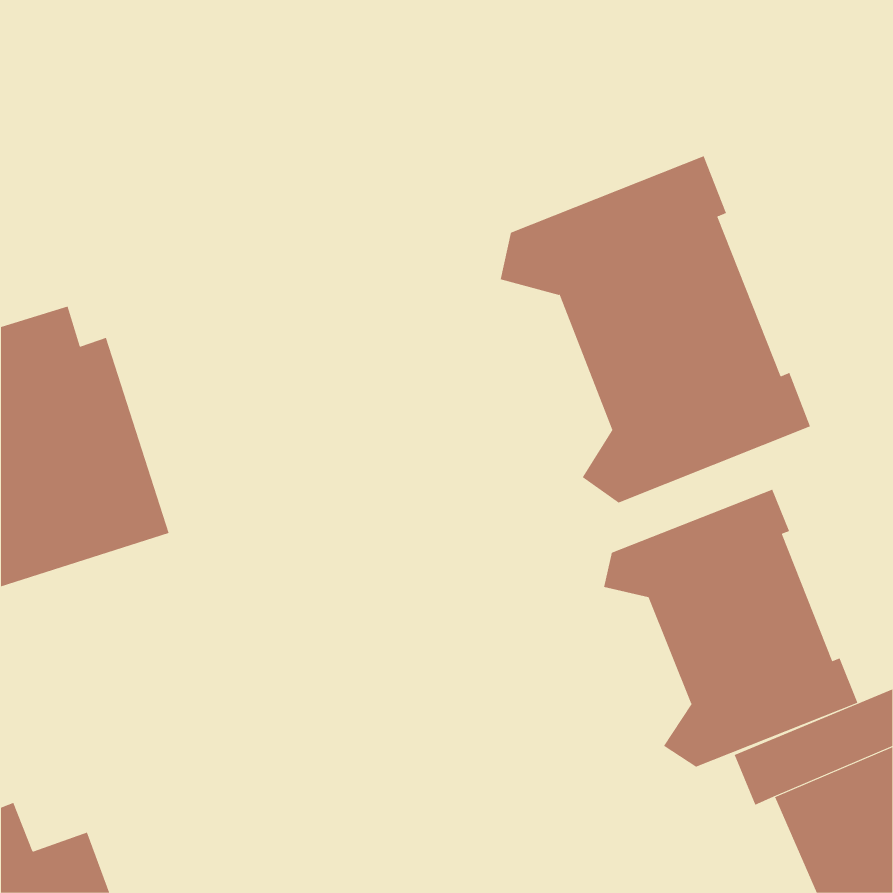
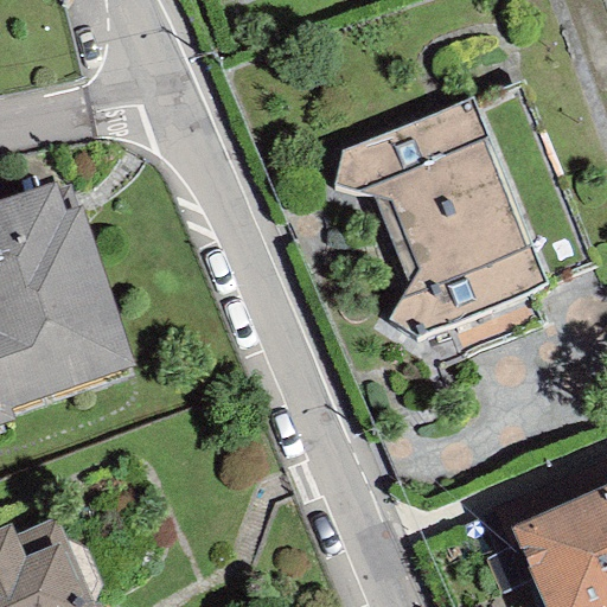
building: [604,489,858,767] -> none

